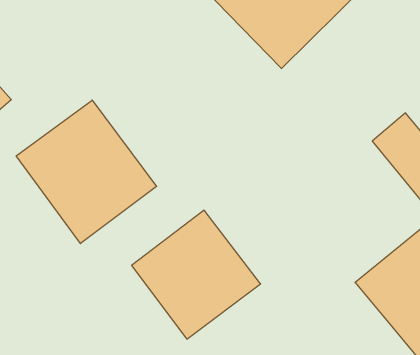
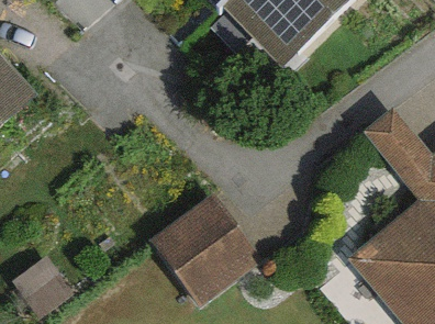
building: [16,100,157,244] -> none

